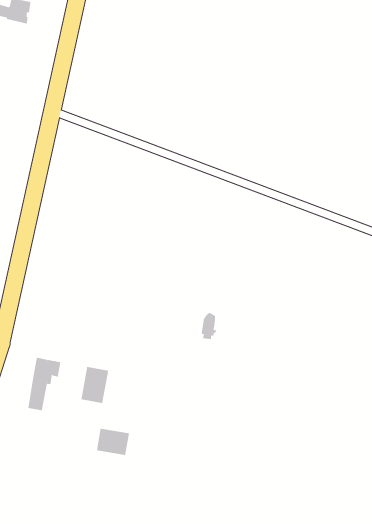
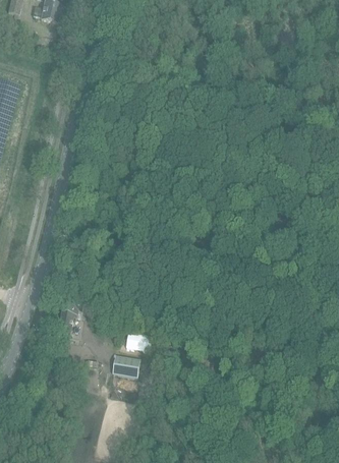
building: [81,366,109,404] -> none

